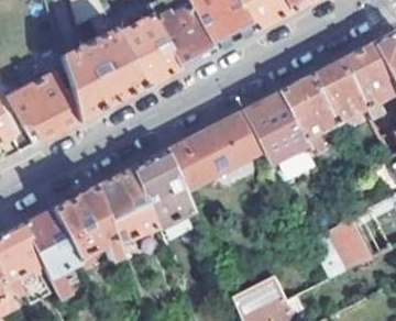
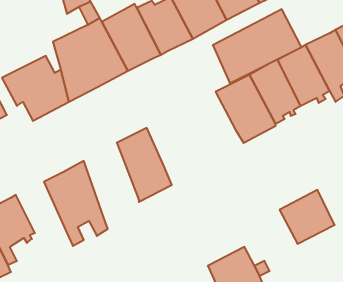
building: [165,110,263,191] -> [213,9,302,83]
building: [96,166,156,248] -> none
building: [21,209,77,303] -> none

